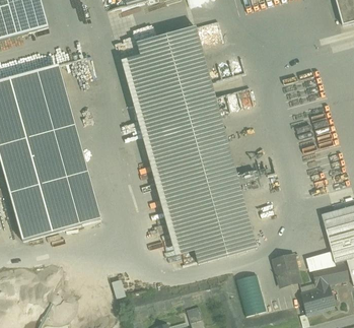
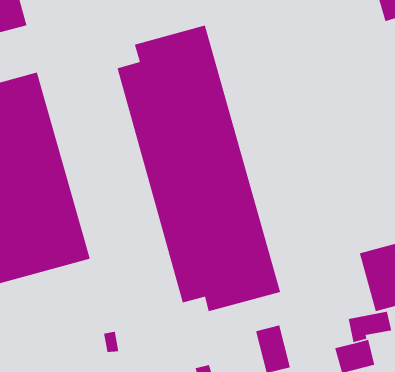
building: [274,253,300,286] -> none

